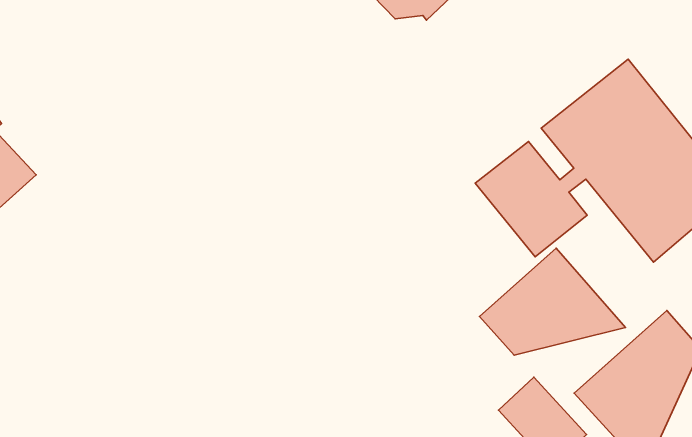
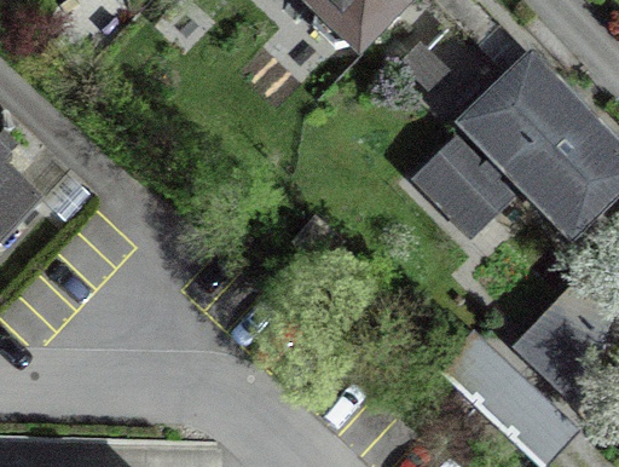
building: [479,248,625,355] -> none

